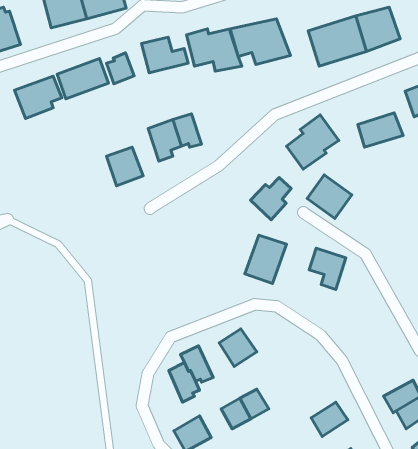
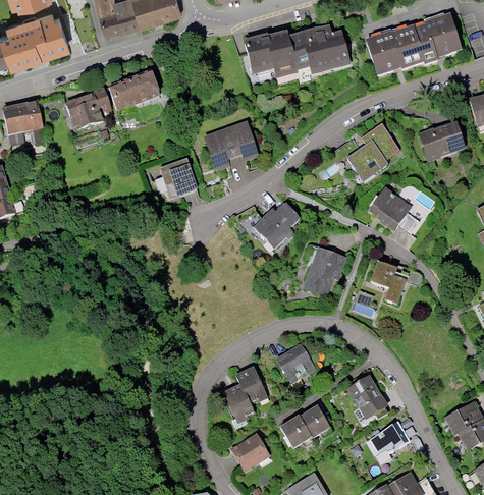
building: [141,37,188,73] -> none
building: [106,53,134,84] -> none
building: [251,178,291,220] -> [255,206,297,250]
building: none -> [346,376,386,419]

